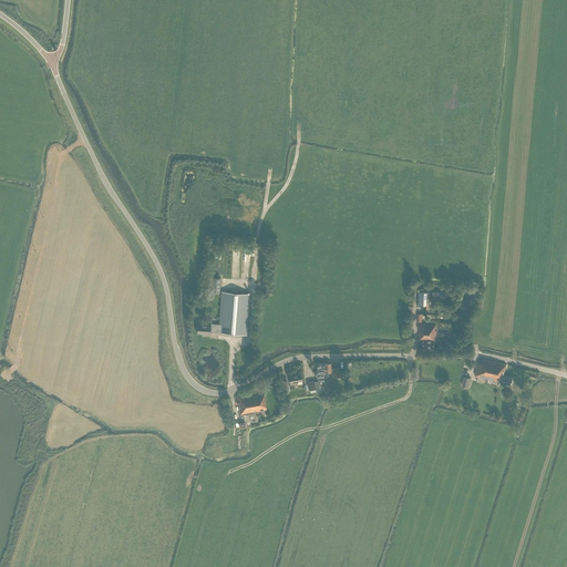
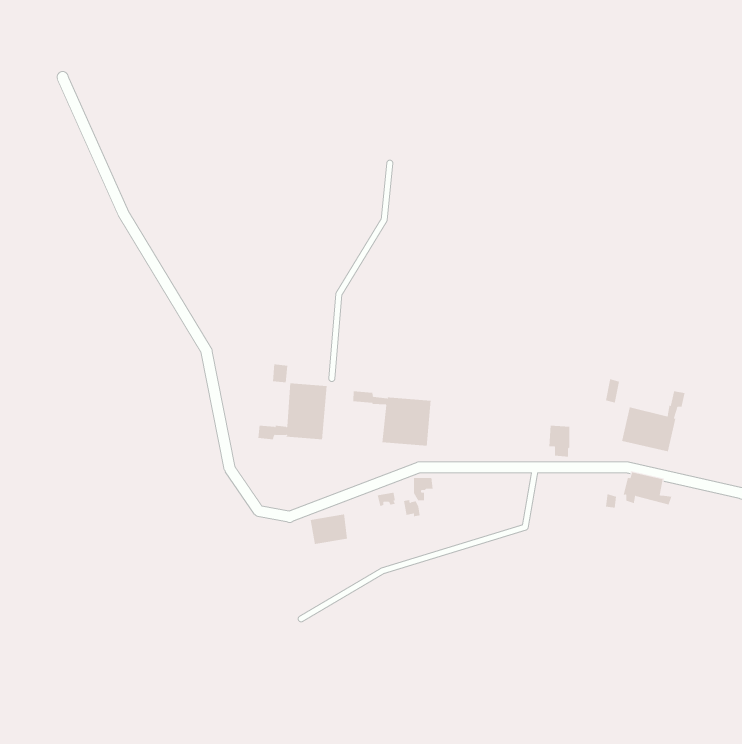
building: none -> [622,390,685,452]
building: none -> [353,391,431,446]

